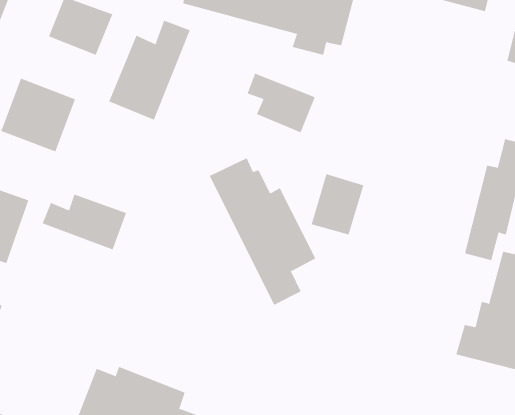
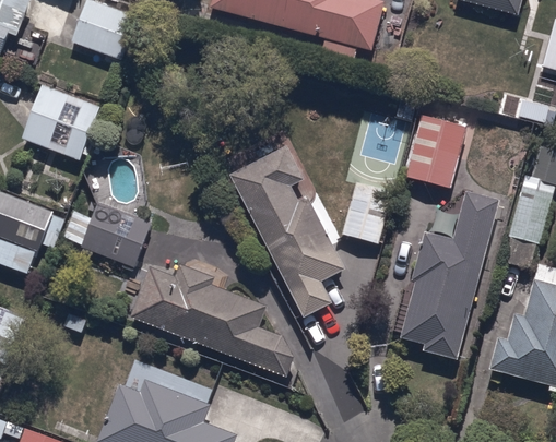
building: [108,20,191,120] -> none
building: [247,73,315,133] -> none
building: none -> [404,110,466,187]
building: none -> [400,190,498,359]
building: none -> [130,260,294,375]

